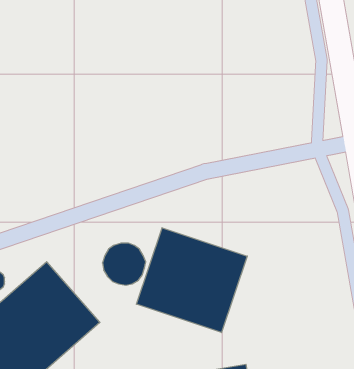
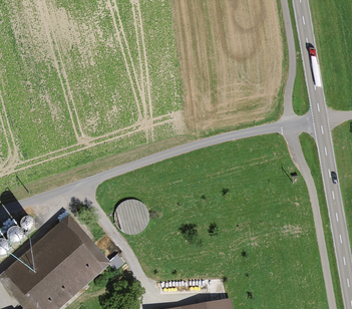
building: [136,228,247,333] -> none

